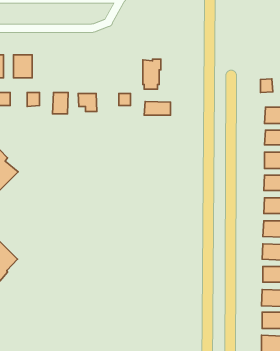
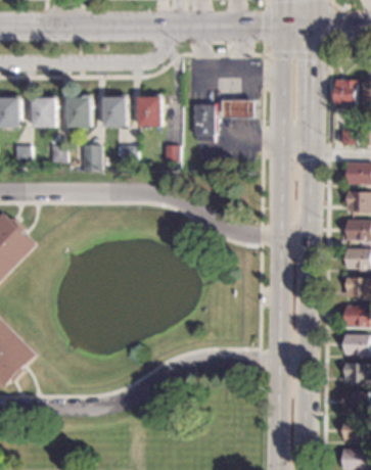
building: none -> [334,80,357,103]
building: none -> [67,97,91,127]
building: none -> [103,97,126,127]
building: none -> [138,97,161,127]
building: [144,101,170,115] -> [221,100,253,118]

